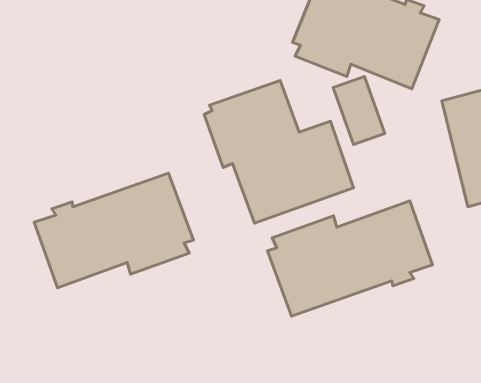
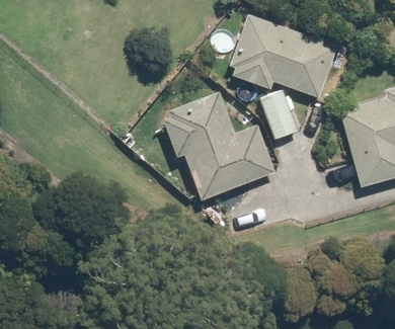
building: [34,173,193,288] -> none
building: [267,201,433,316] -> none

